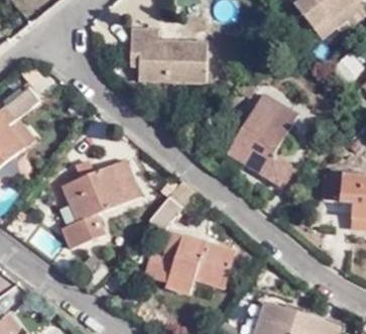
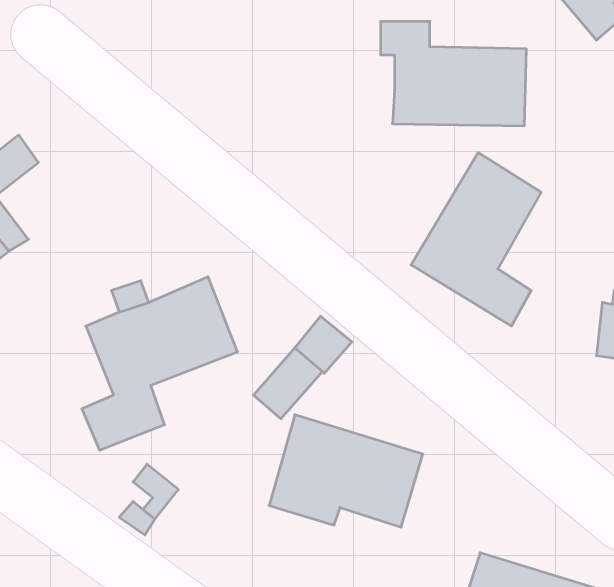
building: [131,26,206,80] -> [381,21,526,126]

